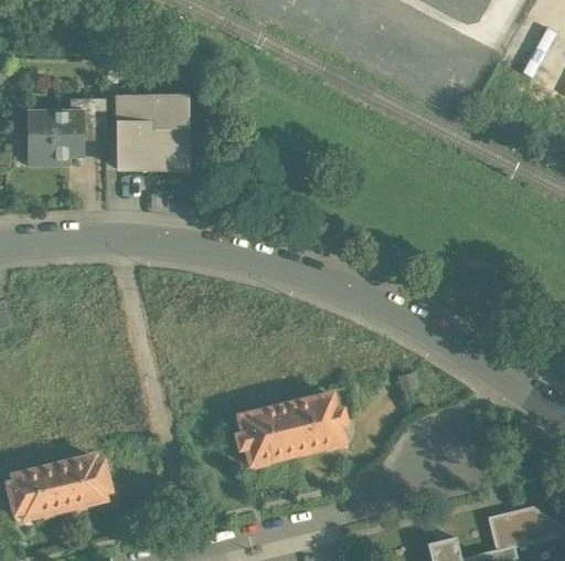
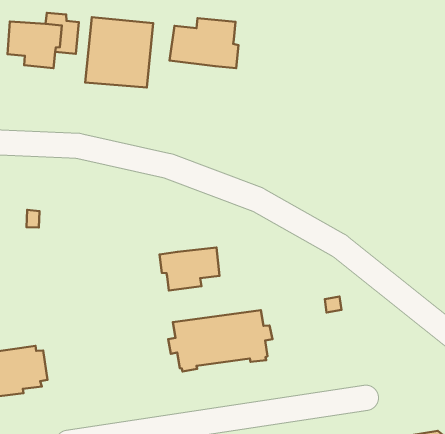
building: none -> [170,18,238,68]
building: none -> [159,247,219,291]

